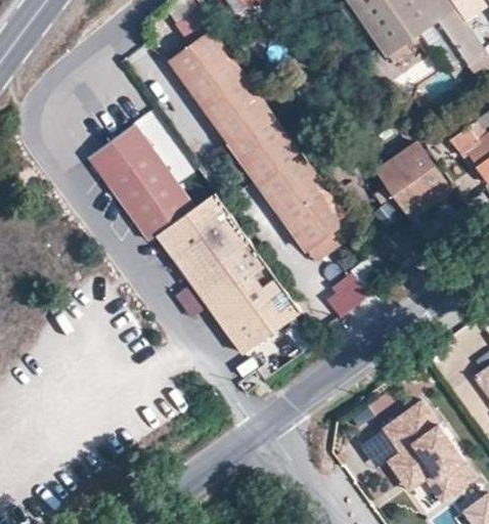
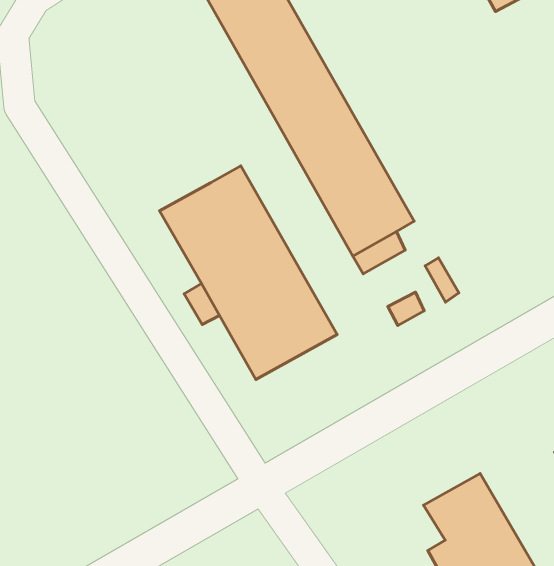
building: [87,125,191,238] -> none
building: [369,134,440,209] -> none

